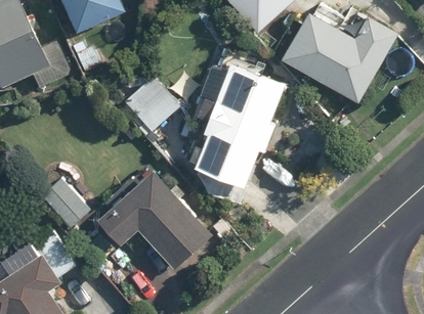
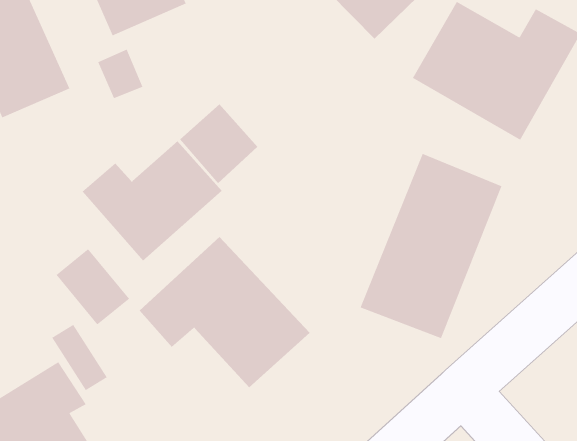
building: [192,60,290,188] -> [360,153,503,339]
building: none -> [81,140,222,261]

